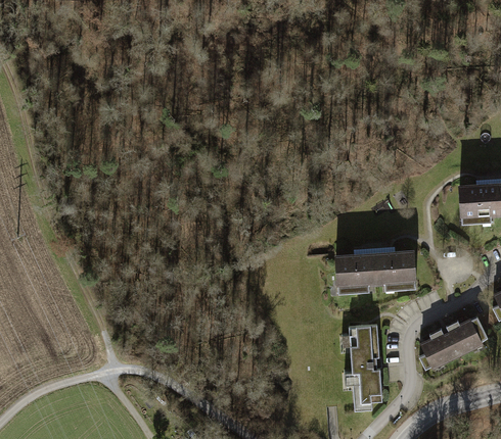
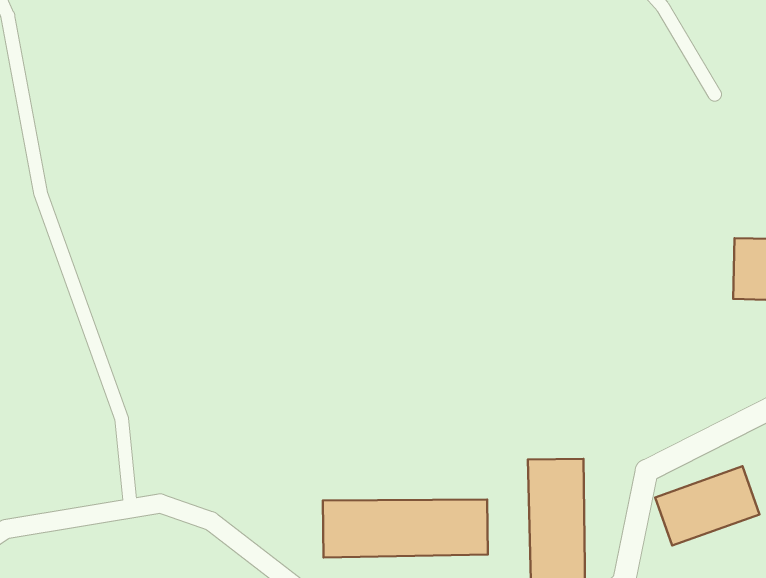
building: [336,250,417,288] -> none
building: none -> [323,500,488,557]

